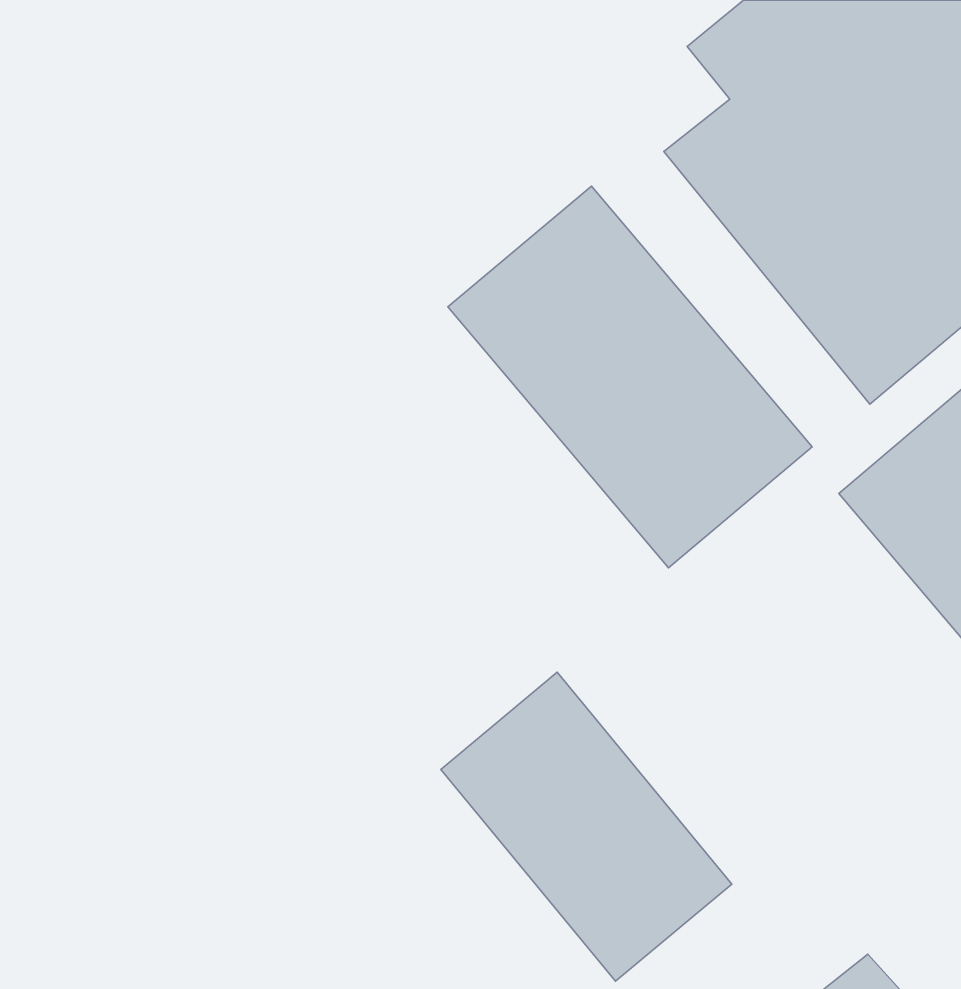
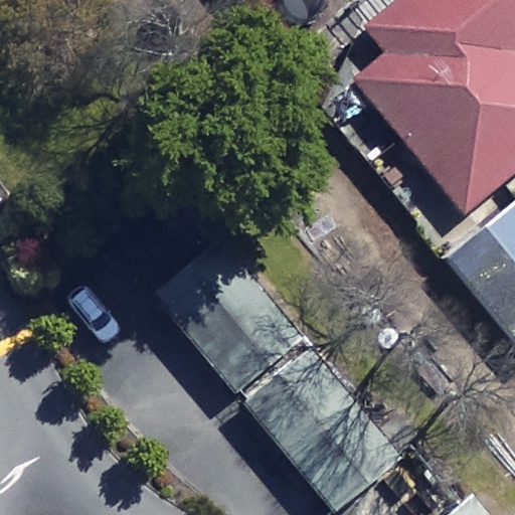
building: [448,186,812,568] -> none
building: none -> [153,237,302,392]

